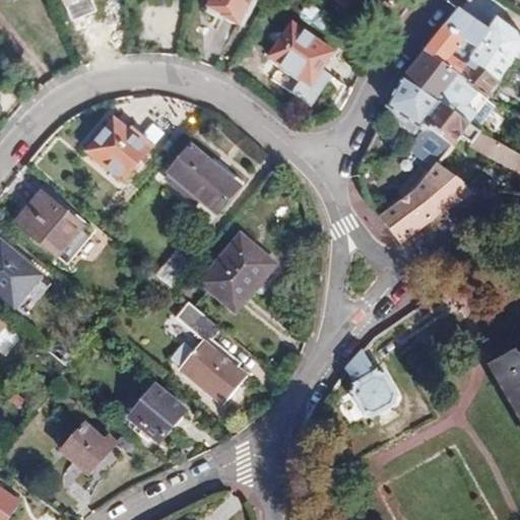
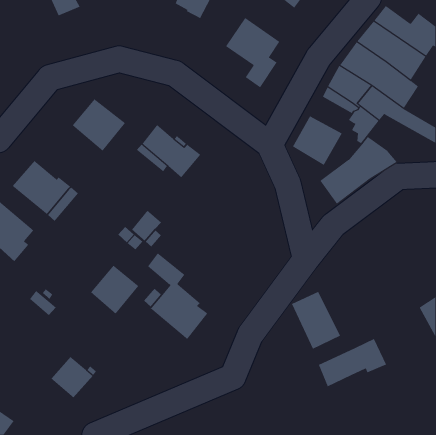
building: none -> [292,116,343,166]
building: [200,234,274,310] -> none
building: [127,383,185,442] -> [90,265,139,315]
building: none -> [318,338,387,387]

